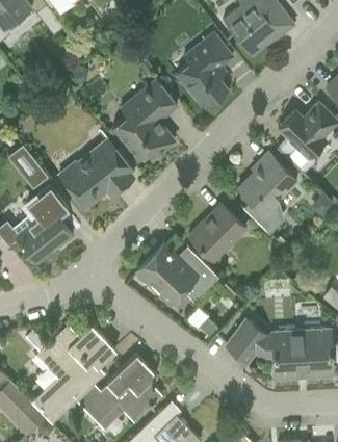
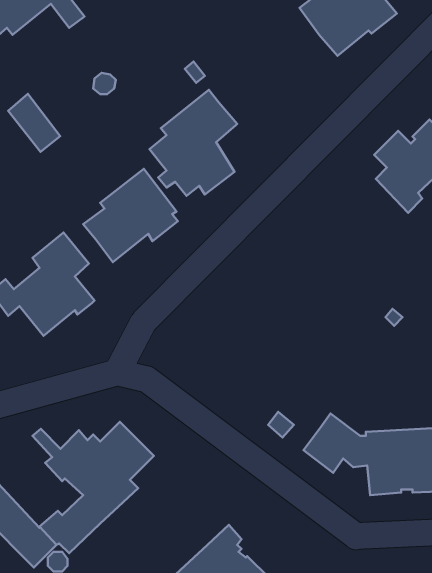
building: [177,33,233,107] -> none
building: [9,148,48,190] -> [8,94,60,152]
building: [238,153,297,232] -> none
building: [188,205,245,262] -> none
building: [137,244,218,304] -> none
building: [76,355,161,423] -> none

